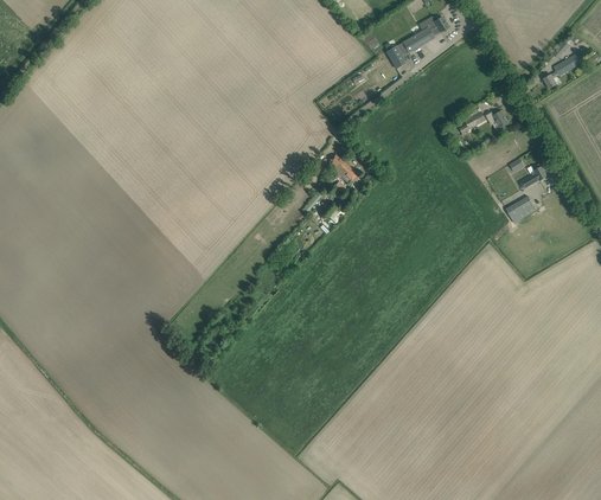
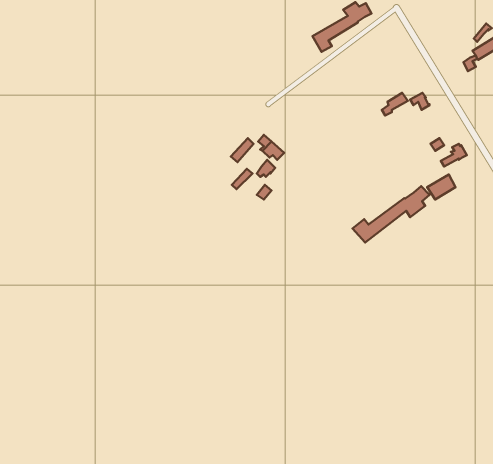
building: none -> [352,186,429,242]

